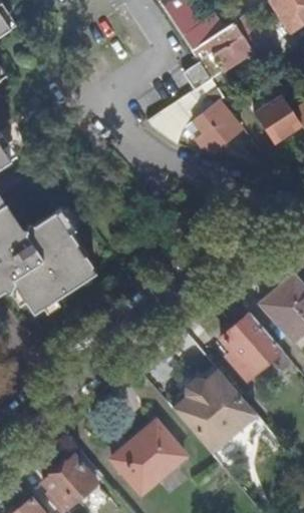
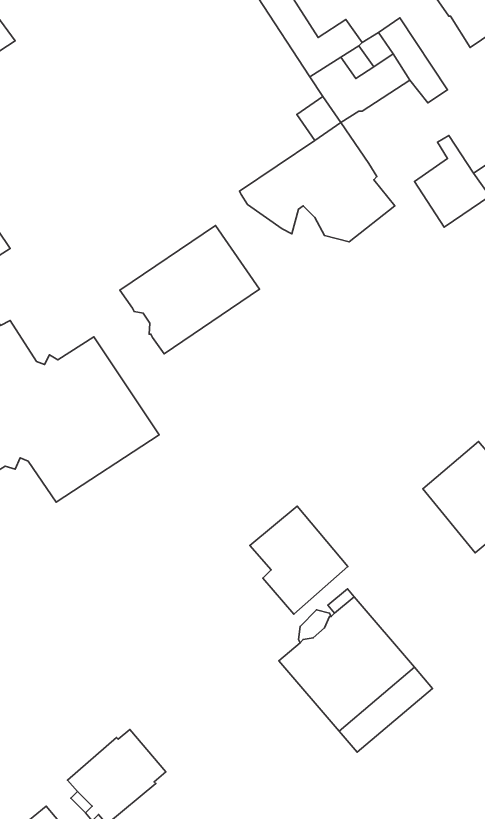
building: none -> [120,226,259,354]
building: [221,314,281,380] -> [250,506,348,614]
building: [113,422,187,492] -> none

